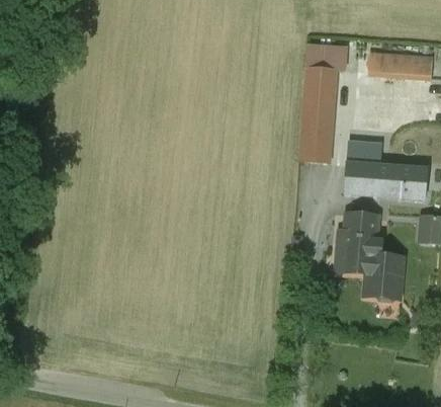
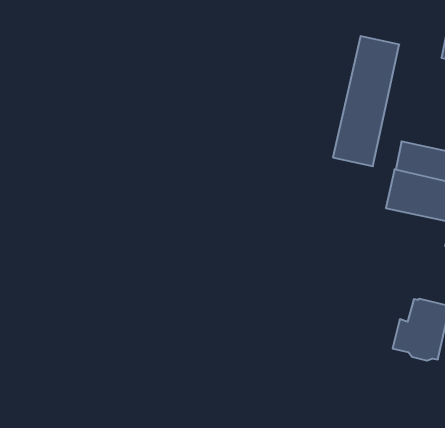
building: [306,51,345,71] -> none
building: [335,213,379,272] -> none

